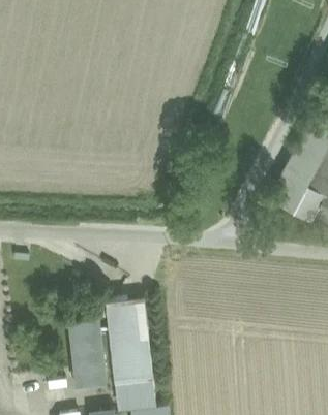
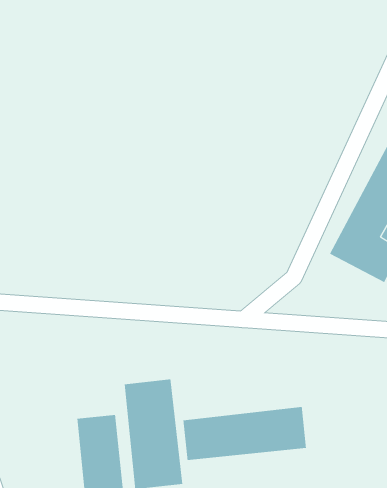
building: none -> [183,406,307,461]

